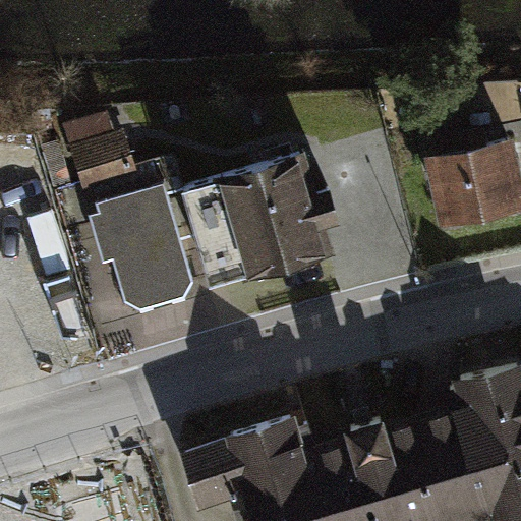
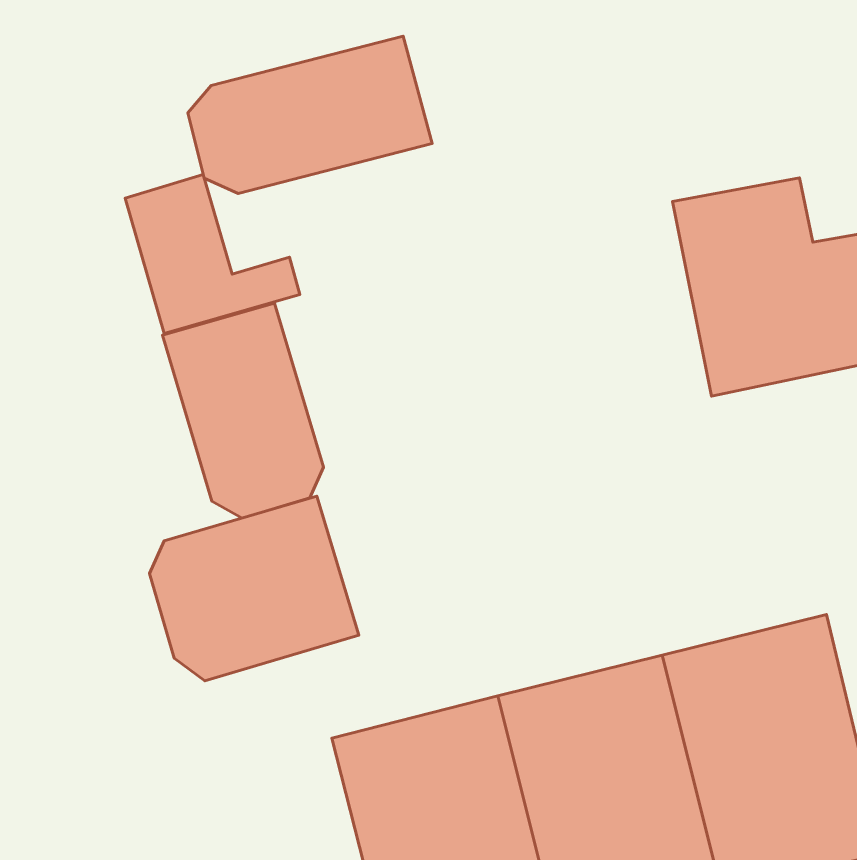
building: none -> [188,36,432,194]
building: [197,158,322,282] -> none
building: none -> [149,496,359,681]

